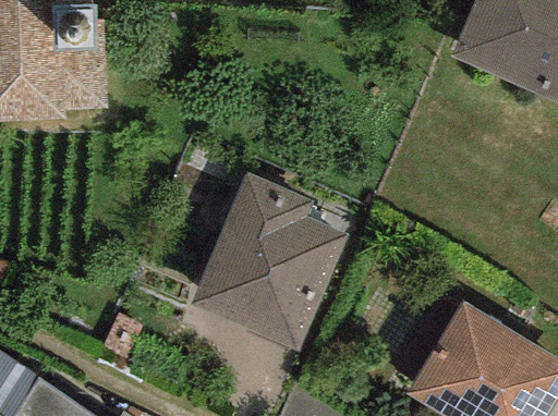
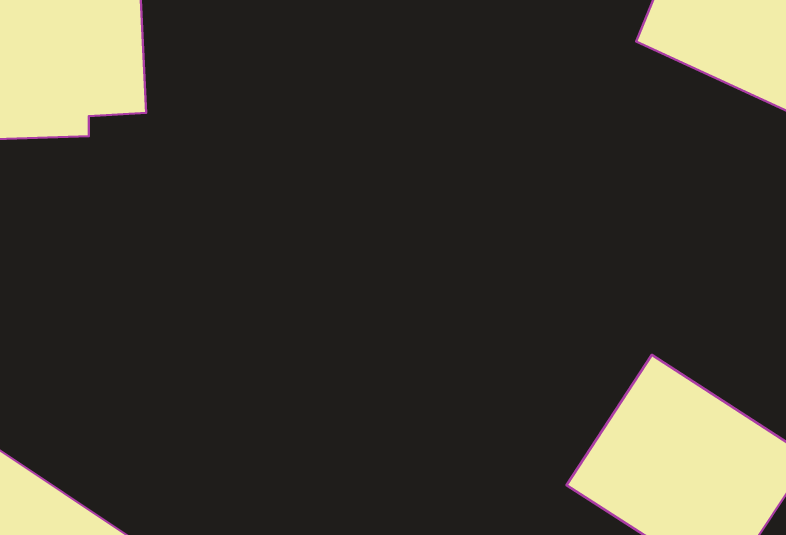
building: [189,156,350,333] -> none

